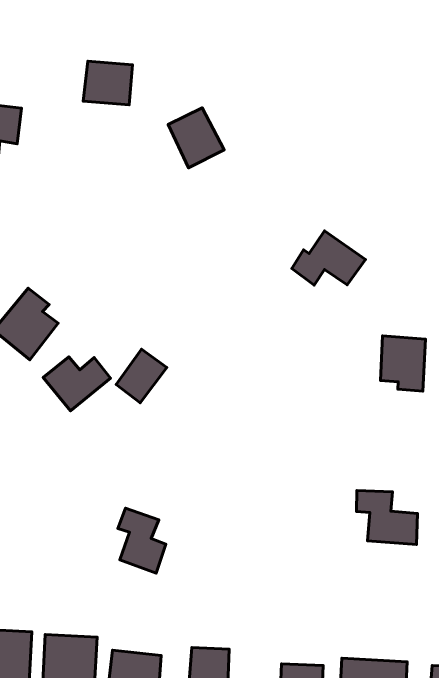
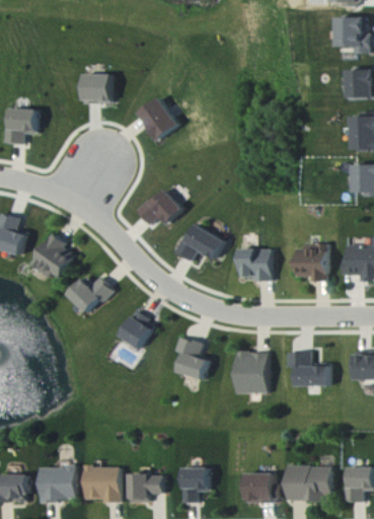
building: [292,231,366,285] -> [175,223,225,261]
building: none -> [136,189,183,225]
building: none -> [239,247,272,280]
building: [116,349,167,403] -> [122,310,155,347]
building: none -> [236,351,269,393]
building: [118,508,166,573] -> [175,337,209,379]

